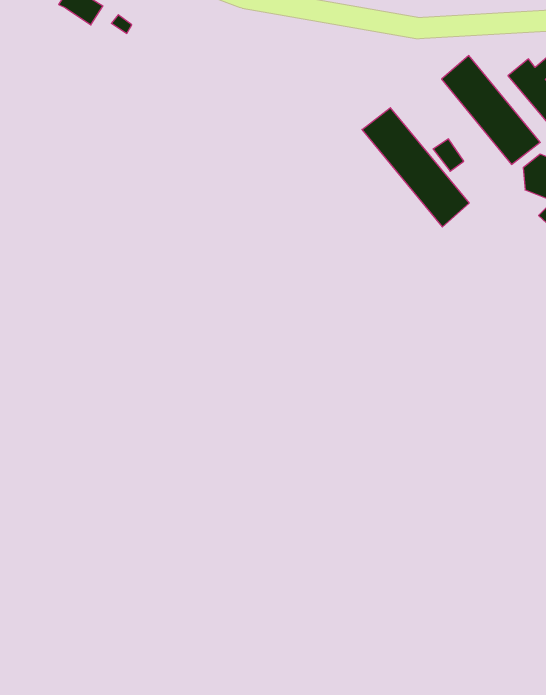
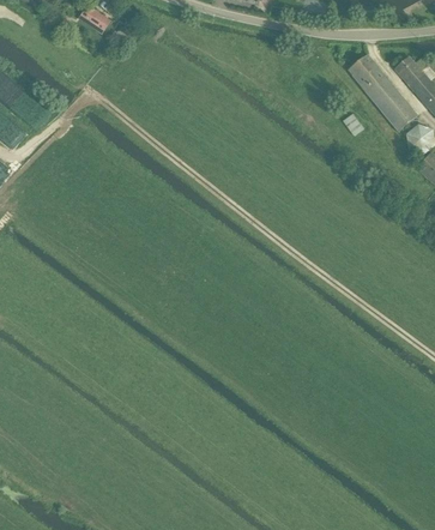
building: [362,108,469,227] -> none

